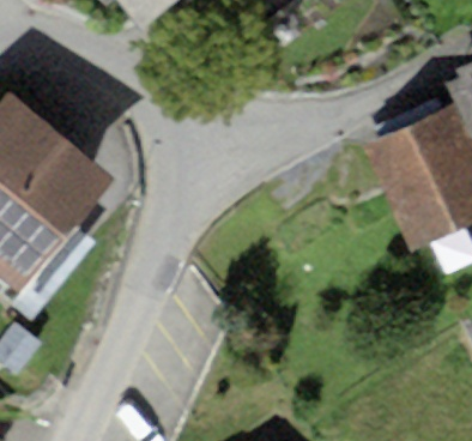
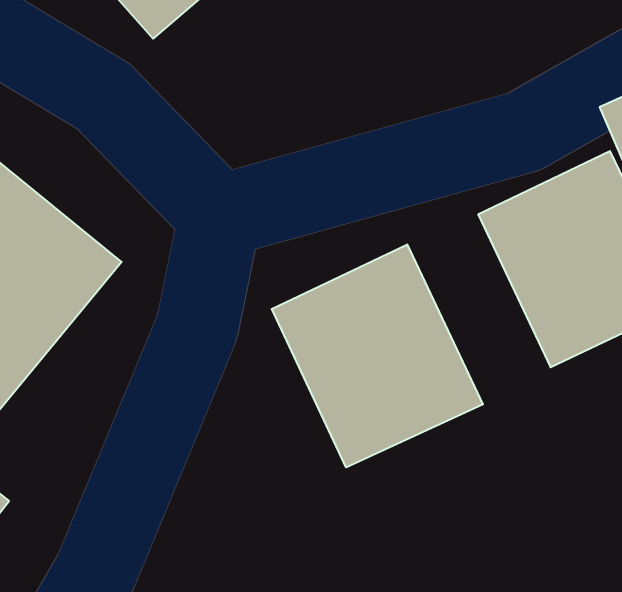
building: none -> [272,244,483,467]

